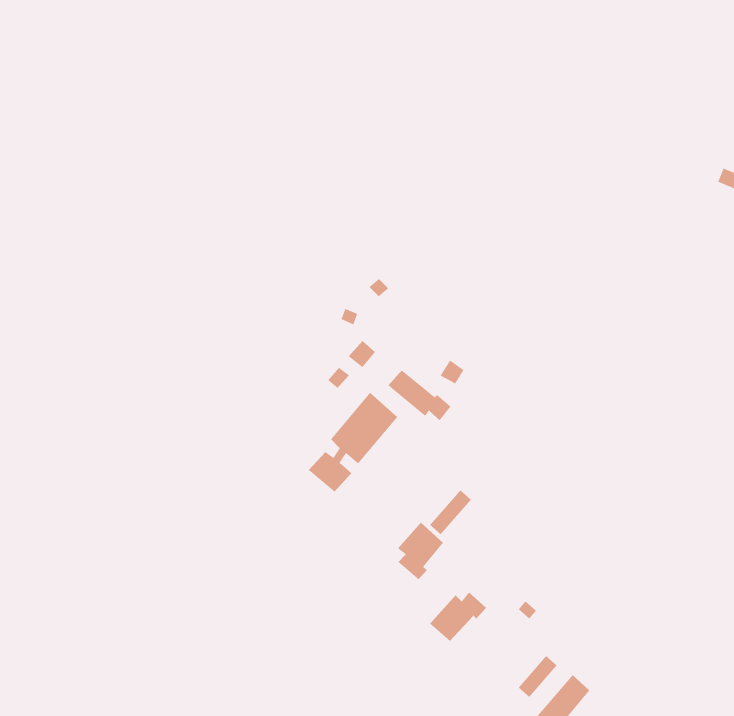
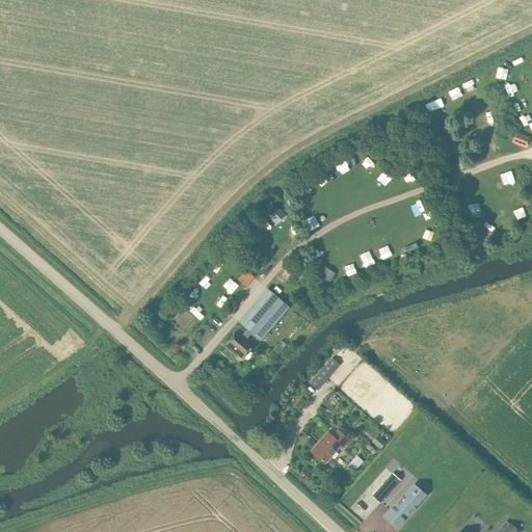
building: [387,370,452,421] -> none
building: [397,522,444,580] -> none

